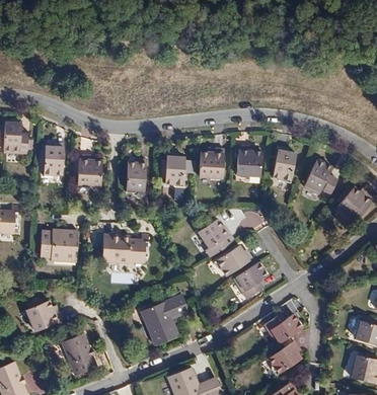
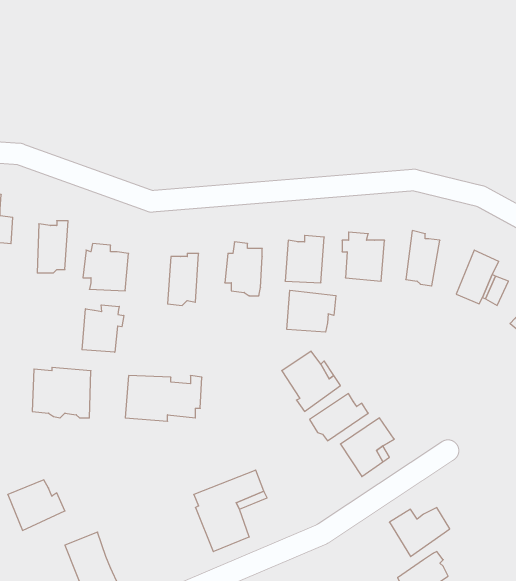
building: none -> [287,290,336,332]
building: none -> [82,305,124,352]

